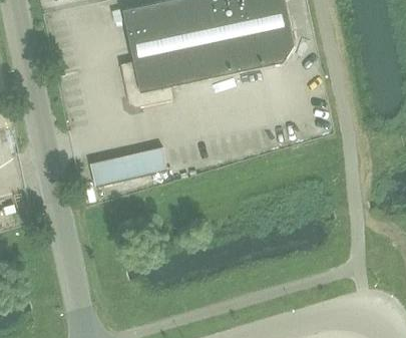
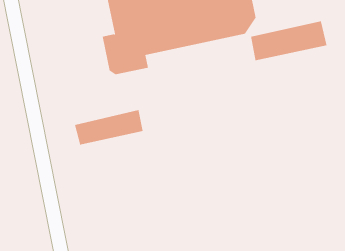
building: none -> [250,20,327,61]

